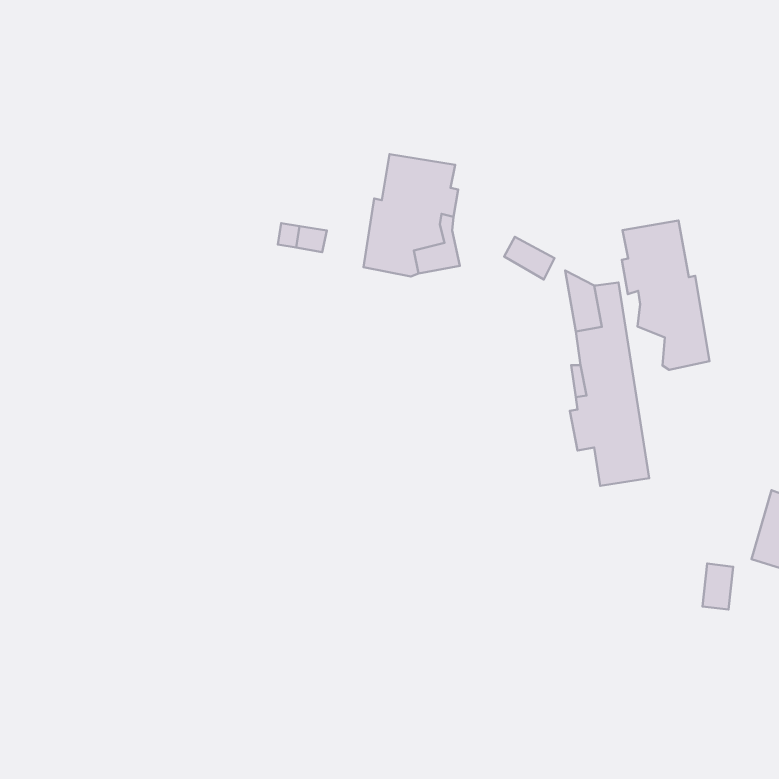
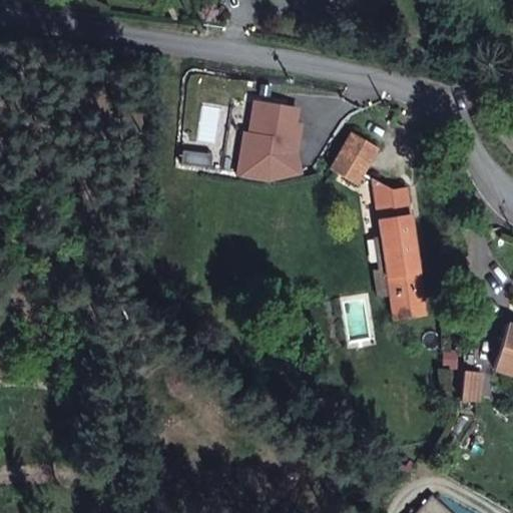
building: none -> [339,131,378,169]
building: [622,220,710,370] -> none

